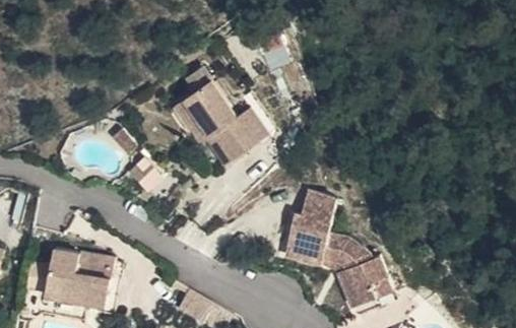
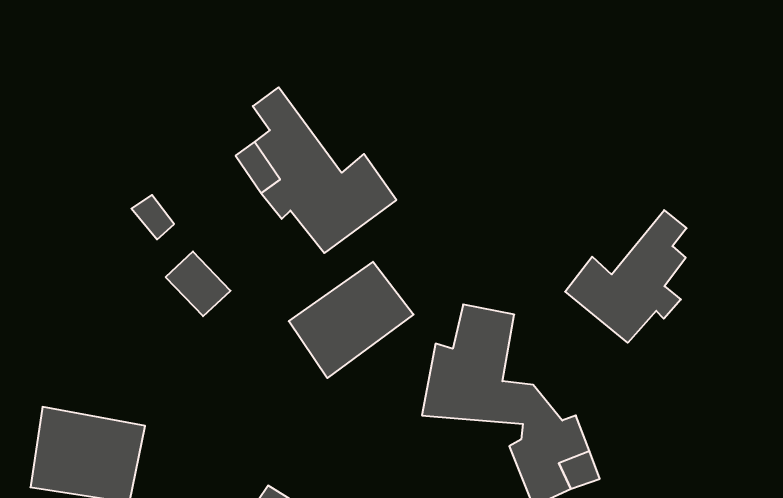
building: none -> [565,210,687,343]
building: none -> [289,262,414,378]

